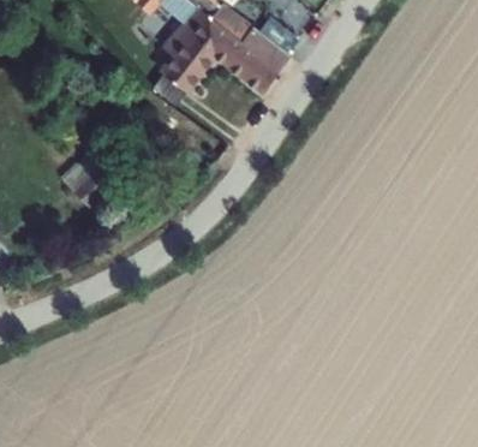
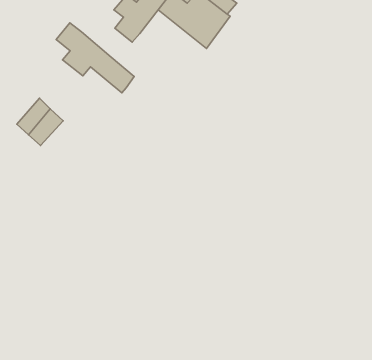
building: none -> [56,23,134,93]

